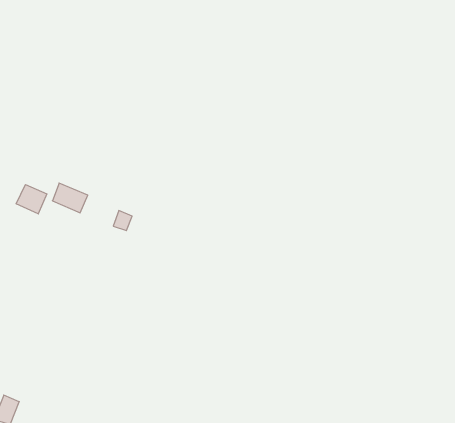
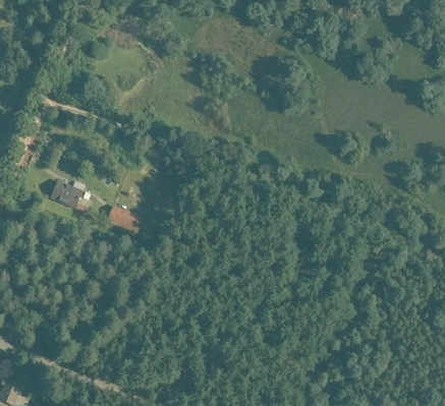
building: [16,185,47,214] -> none

